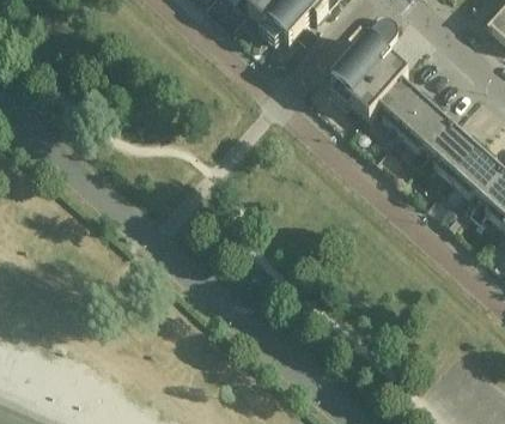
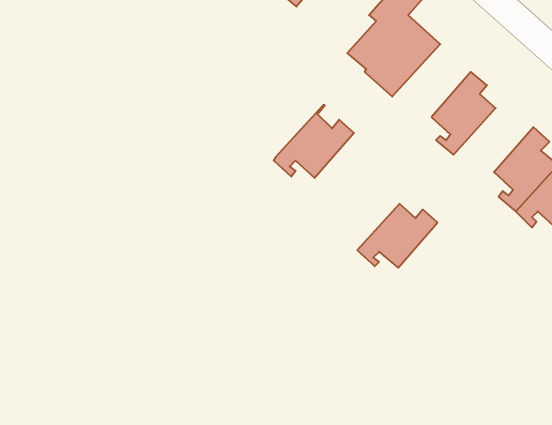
building: [366,71,432,131] -> [274,105,354,178]
building: [418,123,483,176] -> [357,204,437,268]

